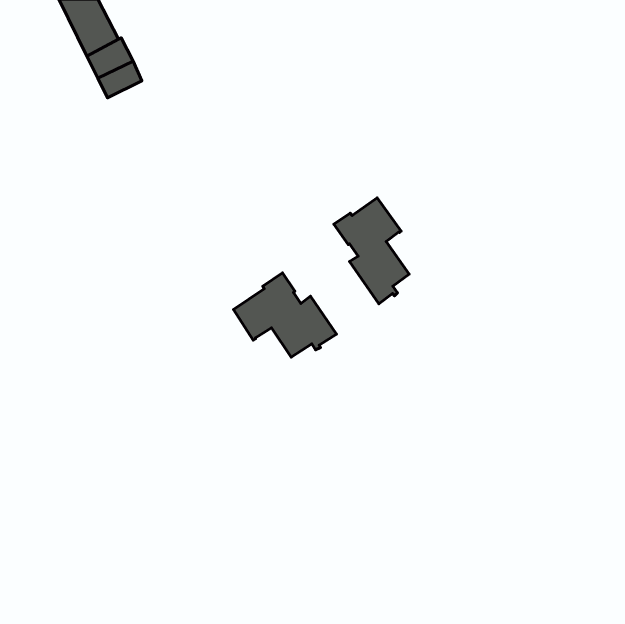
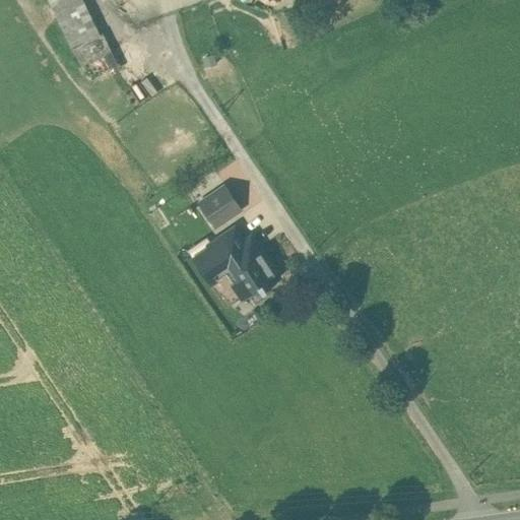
building: [334,198,409,304] -> none
building: none -> [199,184,241,225]

